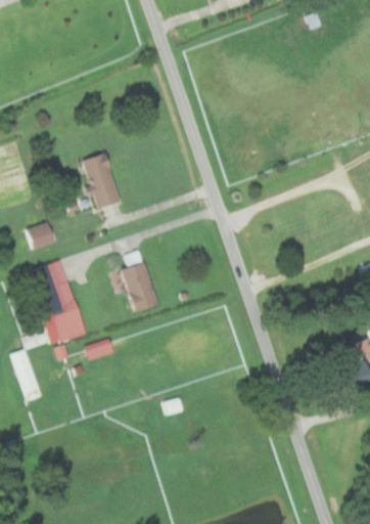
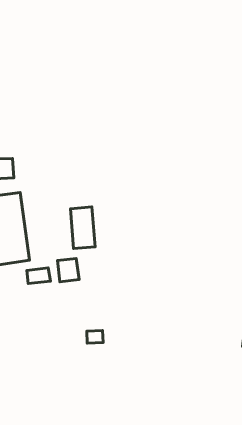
building: [83,151,121,207] -> none
building: none -> [57,259,79,282]

